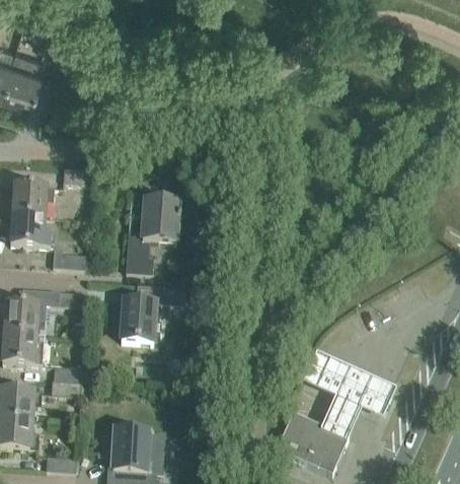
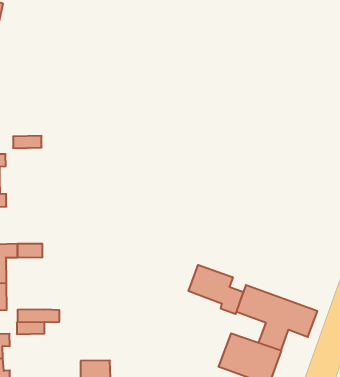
building: [124,199,178,276] -> none
building: [52,246,89,268] -> none
building: [120,284,184,342] -> none
building: none -> [188,265,243,314]

